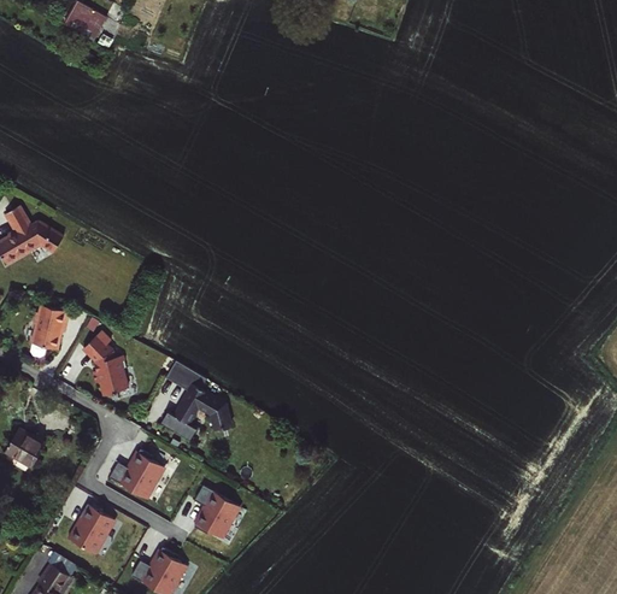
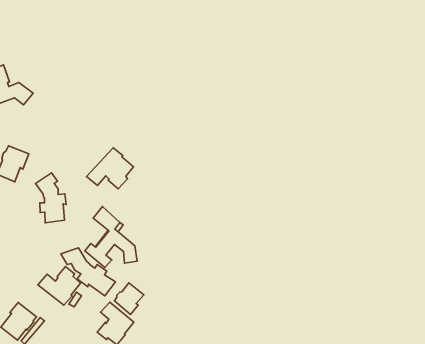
building: none -> [86,148,133,189]
building: none -> [61,248,115,296]
building: none -> [115,283,144,314]

